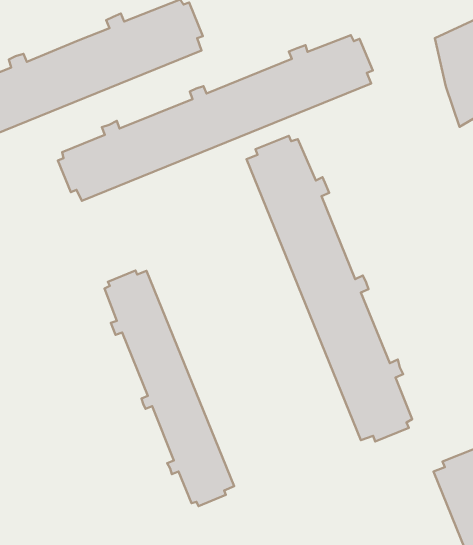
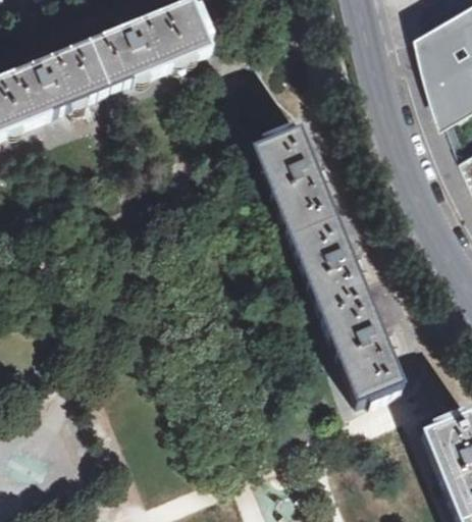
building: [58,35,373,201] -> none
building: [104,270,234,506] -> none

